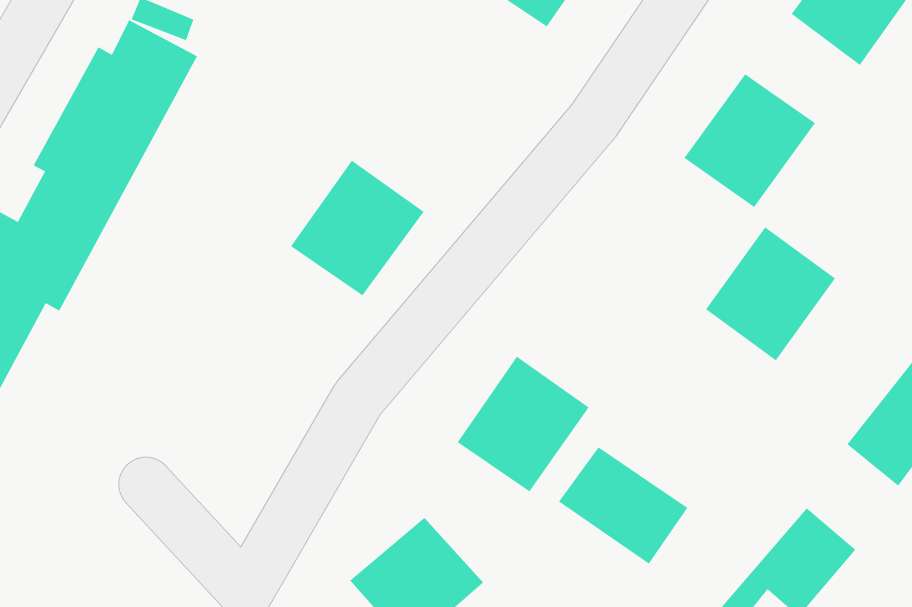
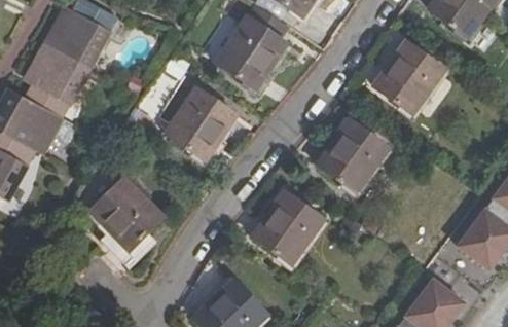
building: none -> [217,17,287,88]
building: [705,227,836,361] -> [318,117,388,189]
building: none -> [90,176,166,250]
building: [558,447,688,565] -> none

